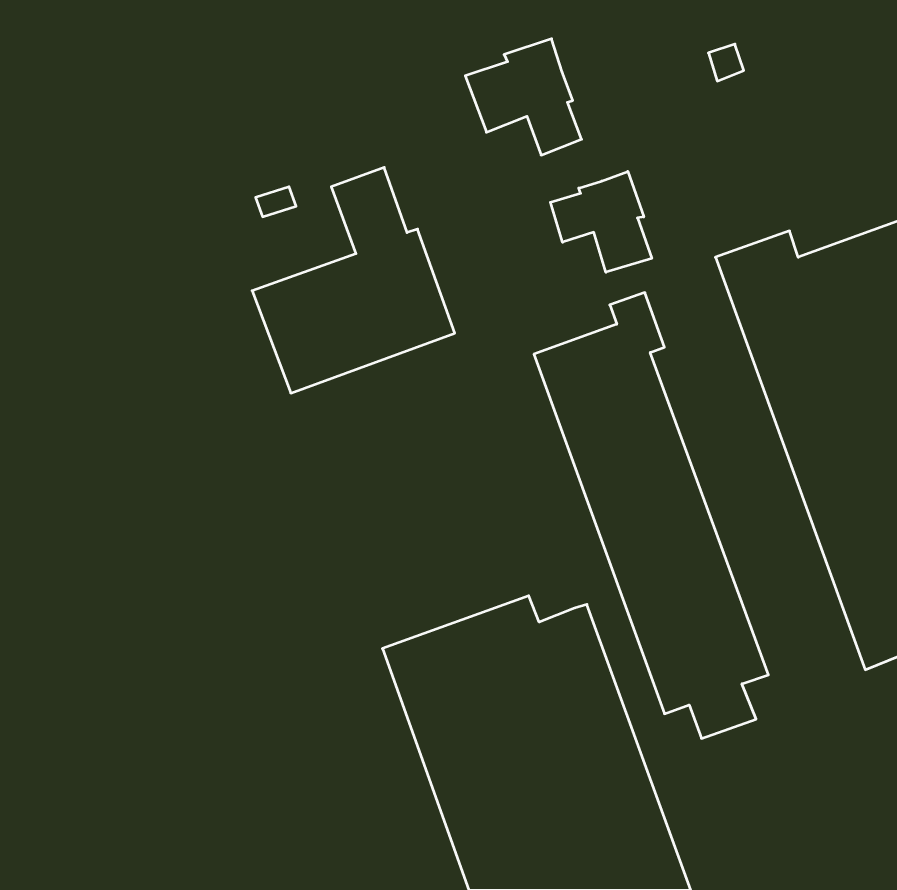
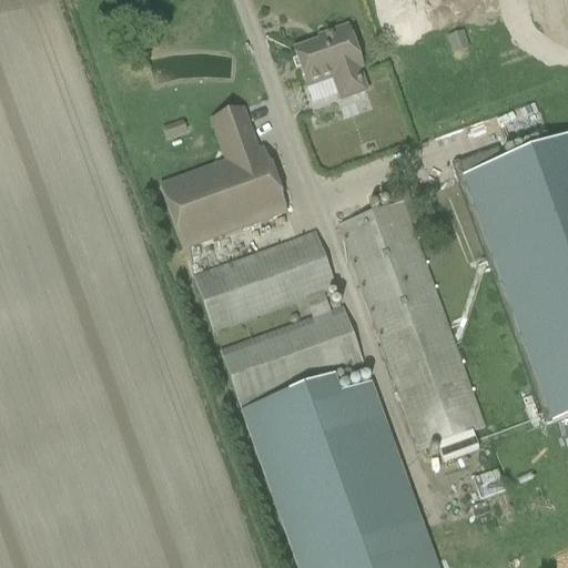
building: [550,171,652,272] -> none
building: none -> [193,229,365,407]

